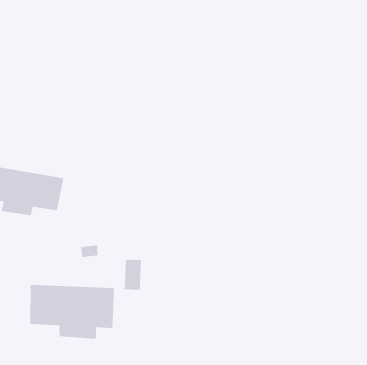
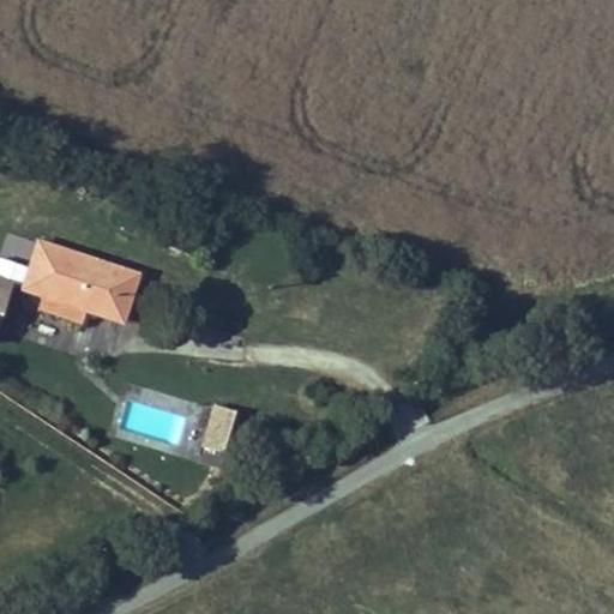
building: [30,284,115,339] -> none

